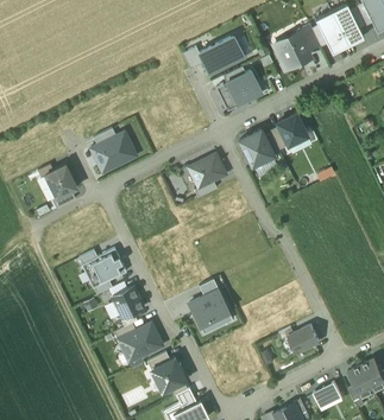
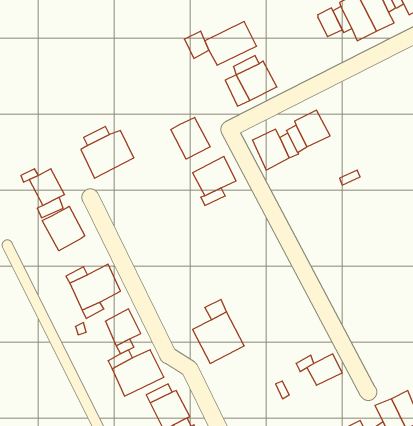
building: [273,33,309,69] -> none
building: none -> [171,117,210,159]
building: none -> [42,206,85,251]

